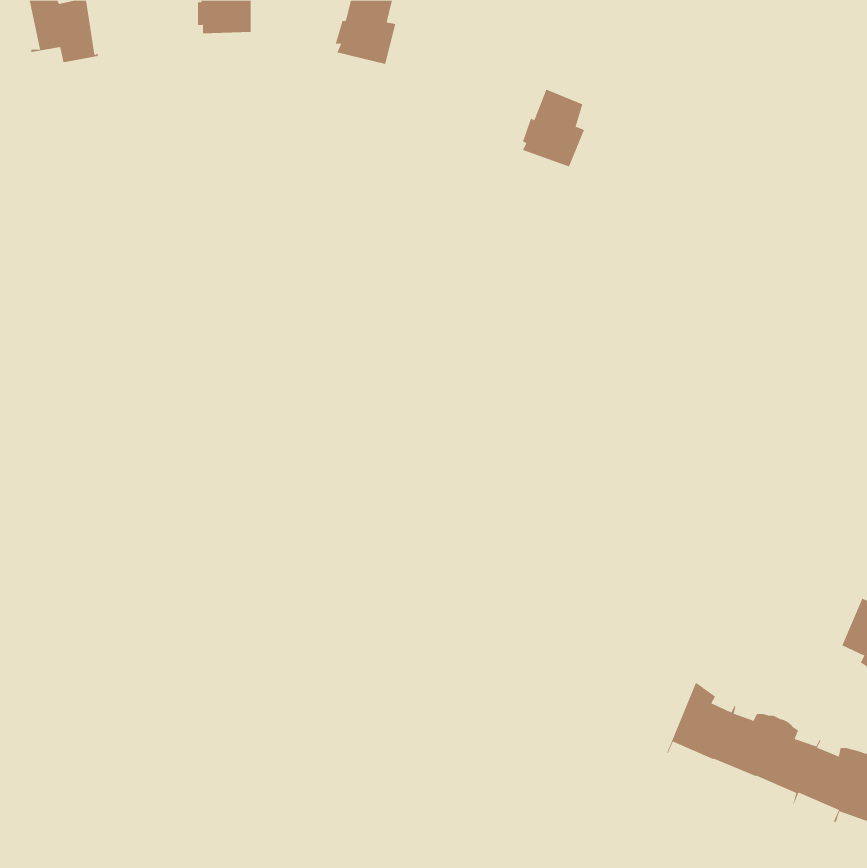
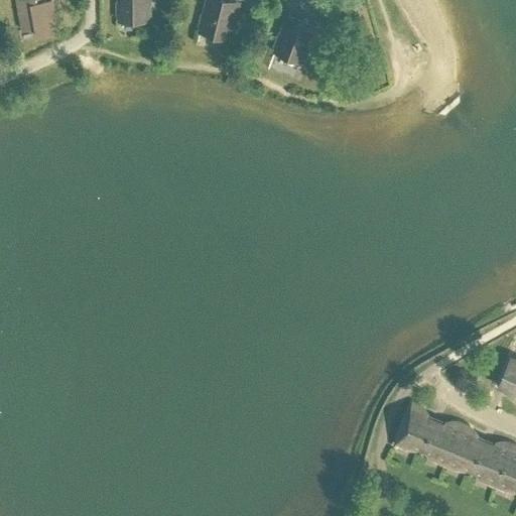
building: [522,89,585,167] -> [275,15,312,61]

